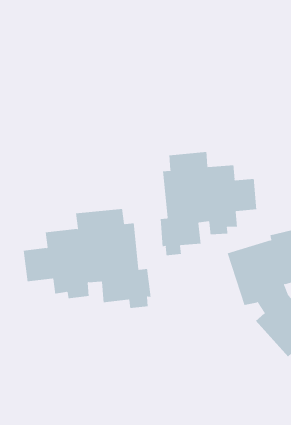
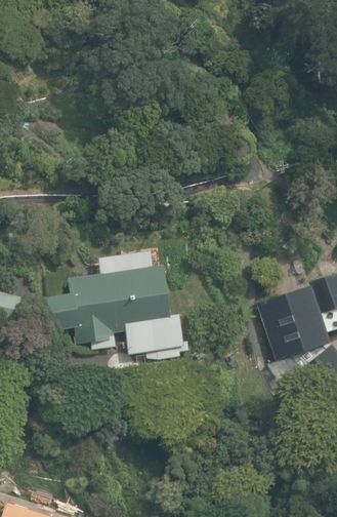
building: [160,151,257,256] -> none

